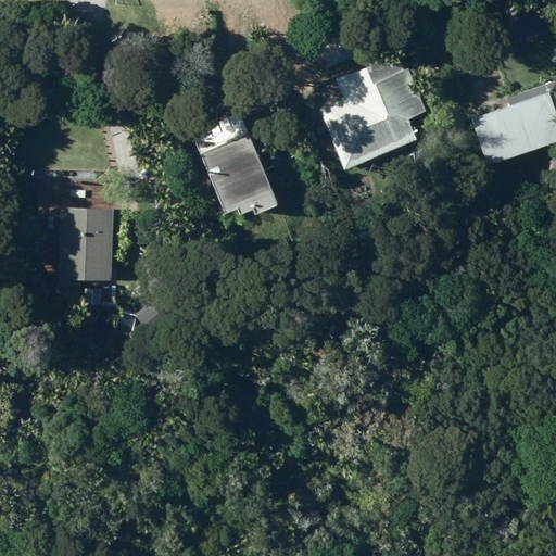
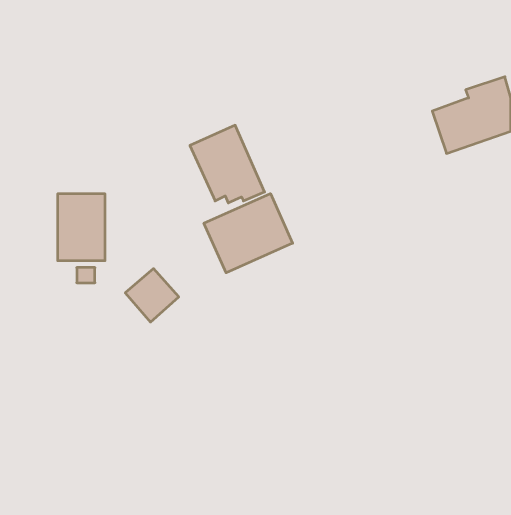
building: [313,55,421,172] -> none
building: none -> [204,194,293,273]

